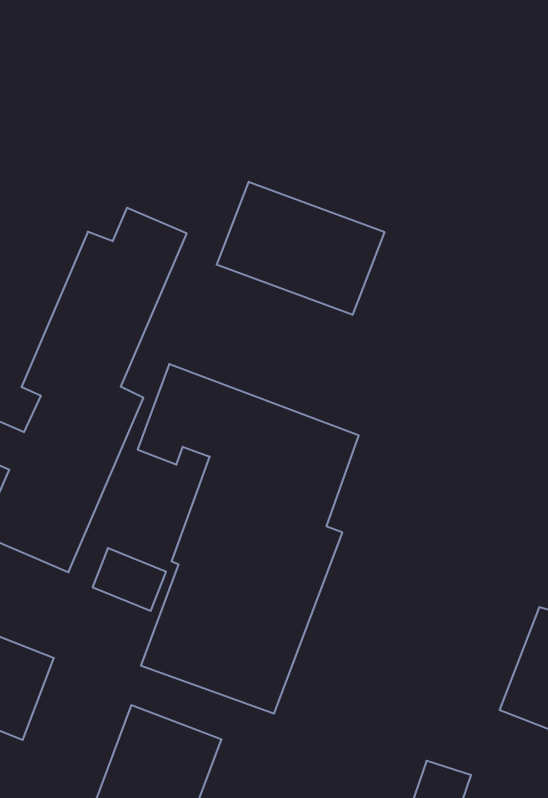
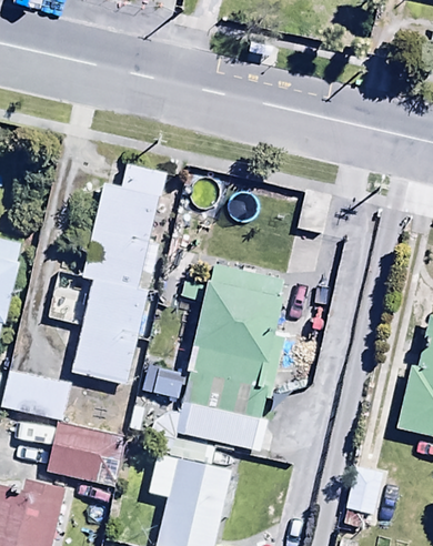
building: [217,182,384,315] -> none

